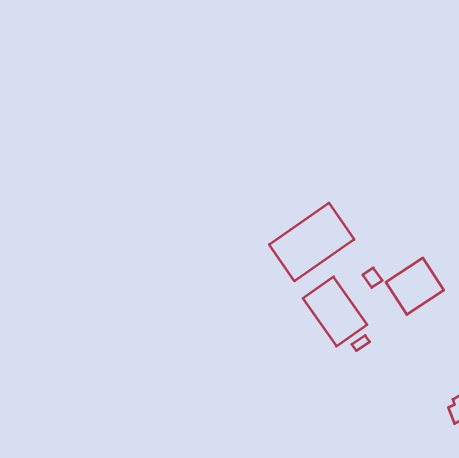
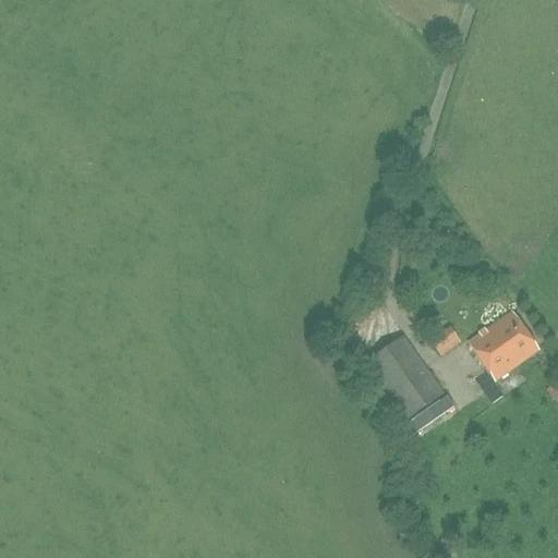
building: [269,203,354,281] -> none

